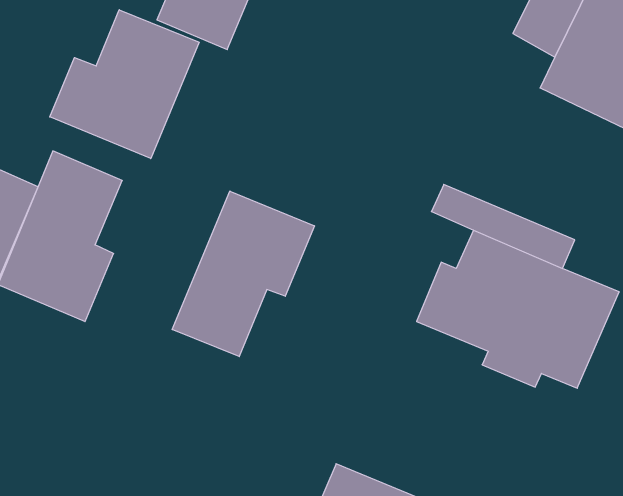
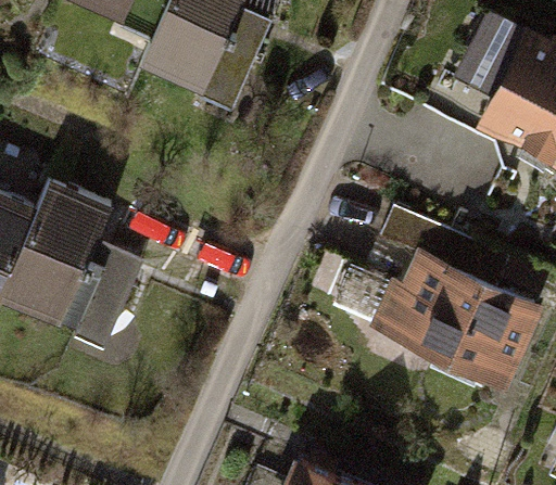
building: [50,10,199,159] -> none
building: [172,191,314,357] -> none

